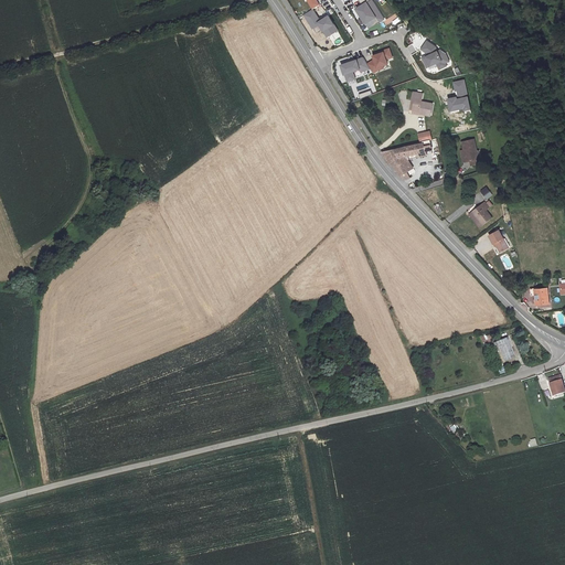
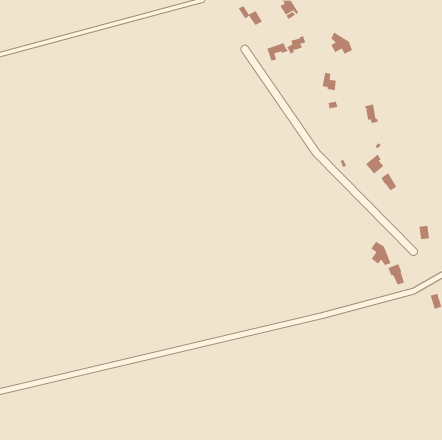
building: [447,78,469,110] -> none
building: [382,142,426,174] -> none
building: none -> [371,241,391,266]

